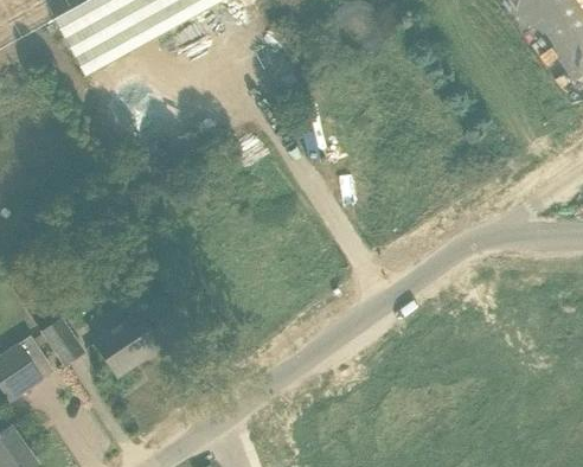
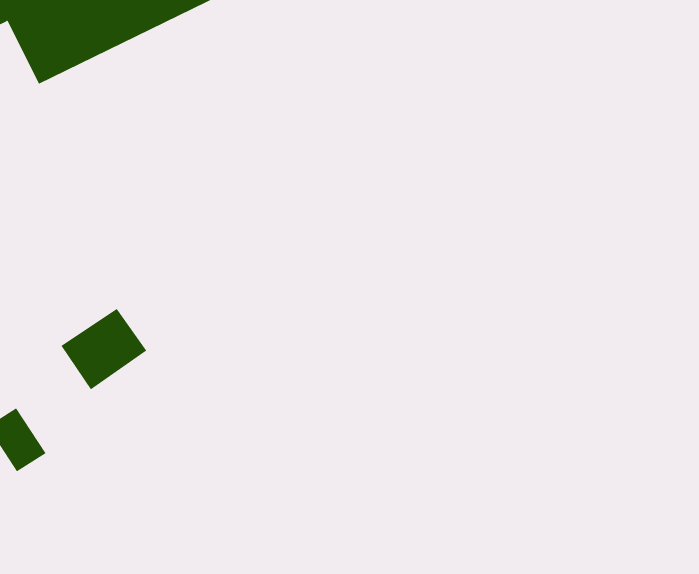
building: [96,311,161,372] -> [60,308,147,390]

